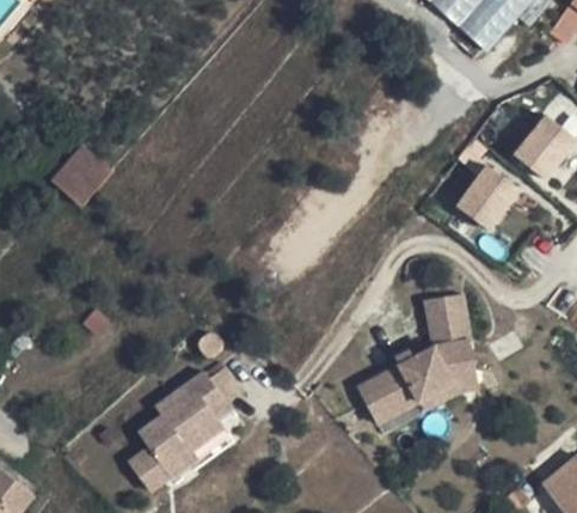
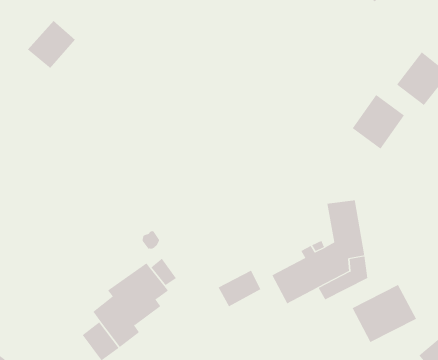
building: [51,145,111,204] -> [27,20,76,69]
building: none -> [218,270,261,307]
building: none -> [352,284,417,343]

